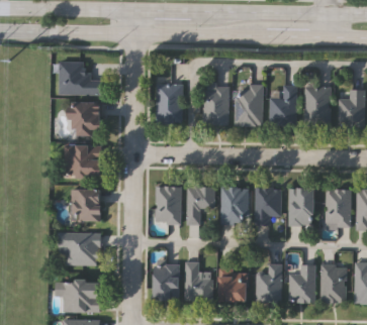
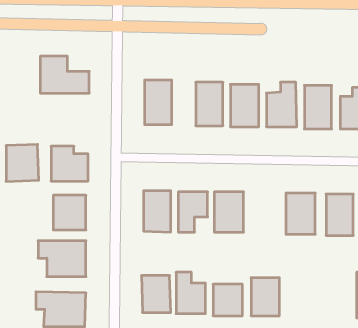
building: [73,101,103,135] -> [6,144,39,181]
building: [254,188,280,224] -> none
building: [319,263,346,302] -> none
building: [288,264,314,302] -> none

